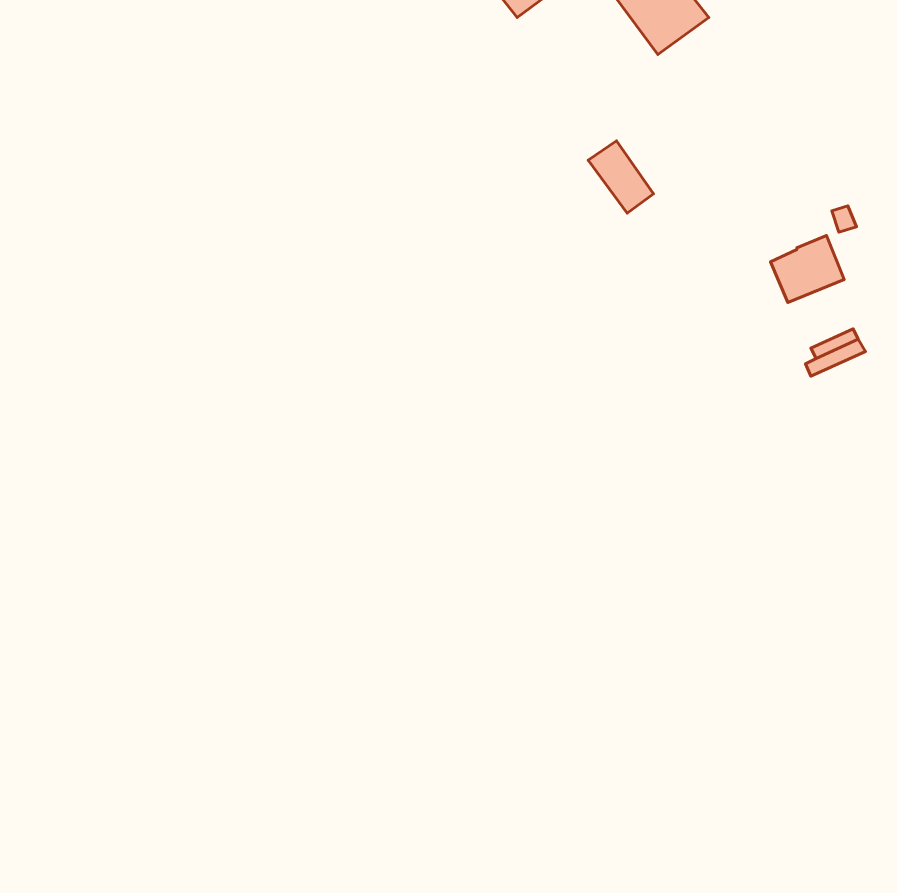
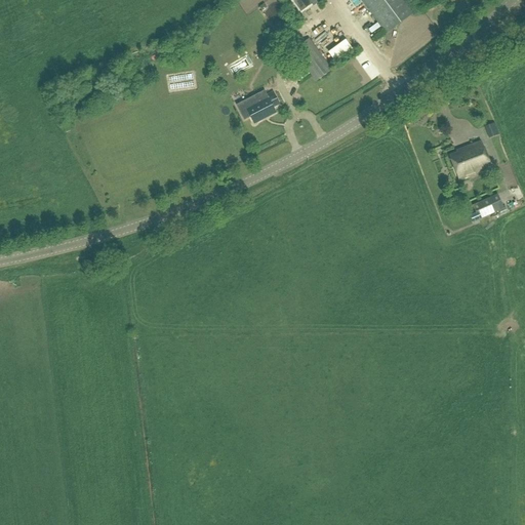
building: [588,141,653,213] -> [292,37,330,79]
building: none -> [245,89,276,118]

